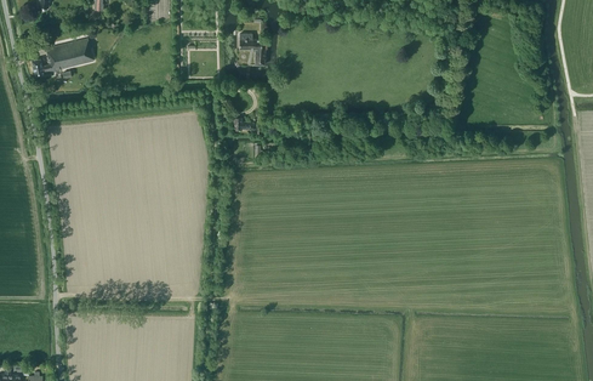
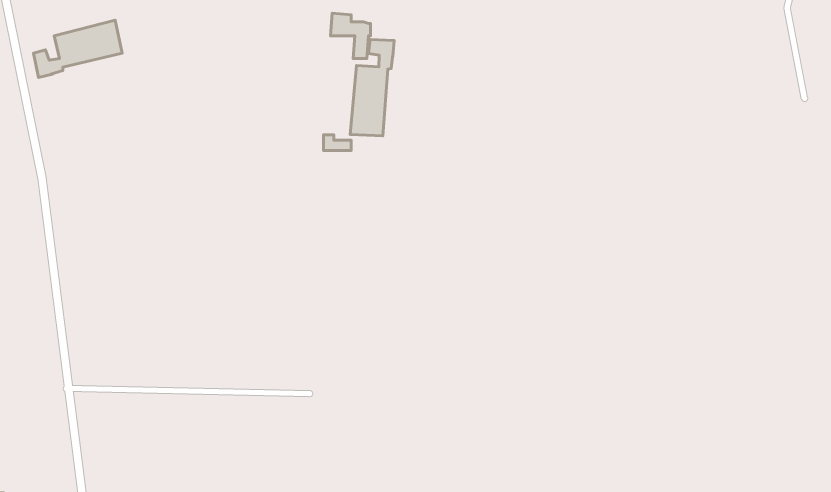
building: none -> [350,40,394,136]

